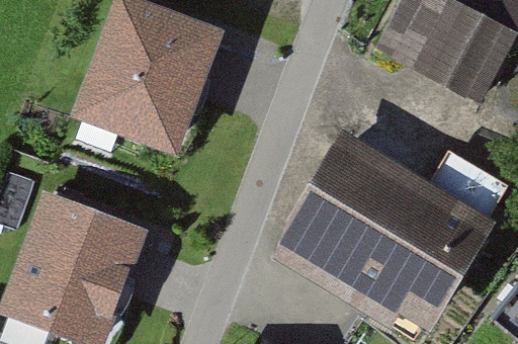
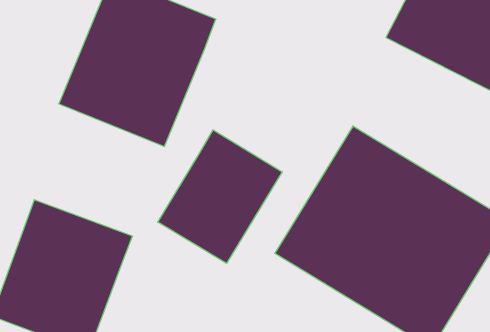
building: none -> [158,130,282,263]

